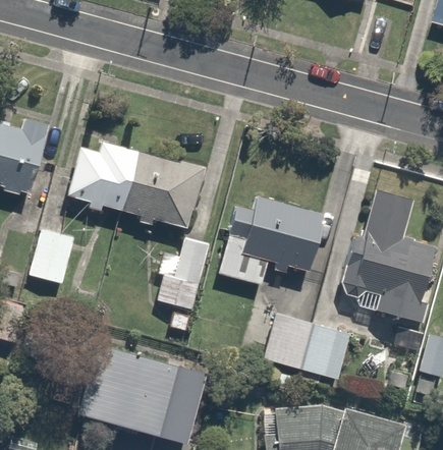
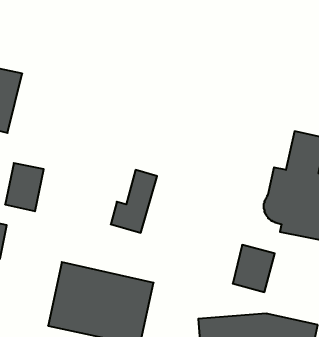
building: [66,144,205,229] -> none
building: [219,194,327,286] -> none
building: [263,314,313,370] -> none

